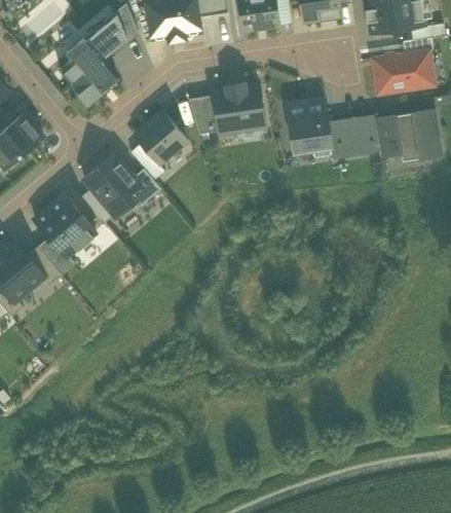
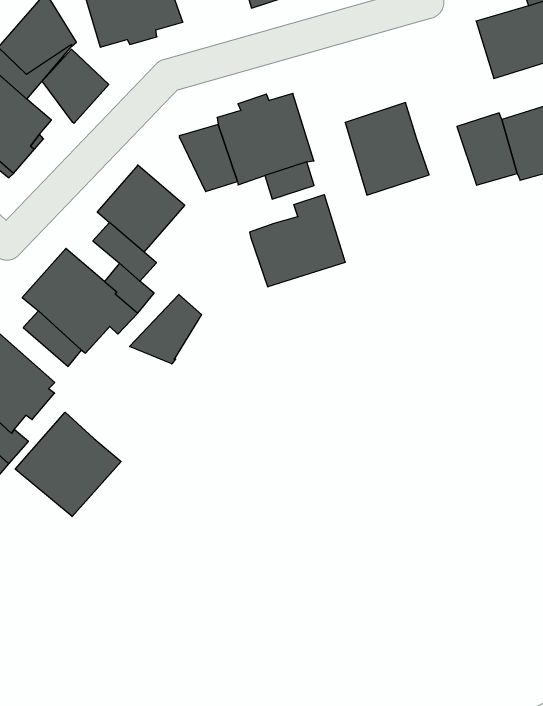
building: none -> [42,49,109,123]
building: [328,118,359,158] -> none
building: none -> [250,195,345,287]
building: none -> [130,294,201,364]
building: none -> [15,412,121,517]

